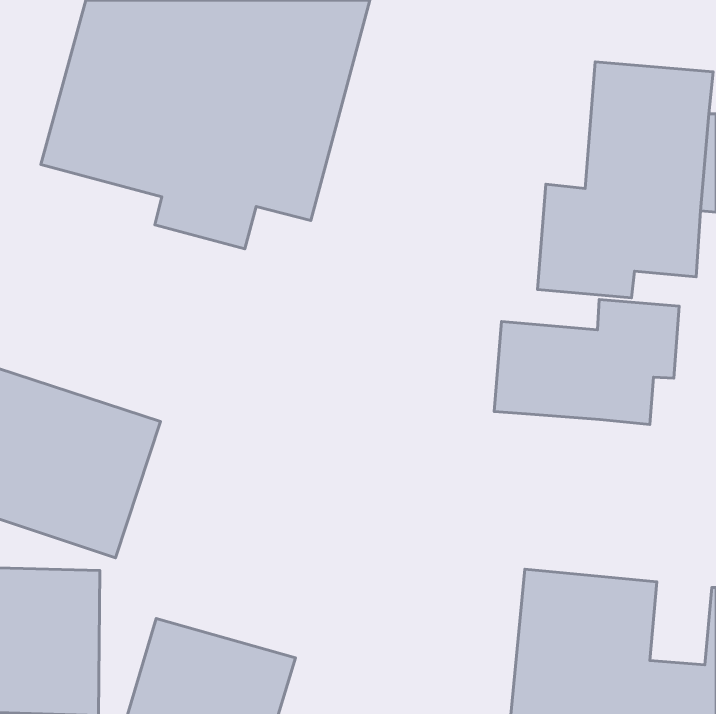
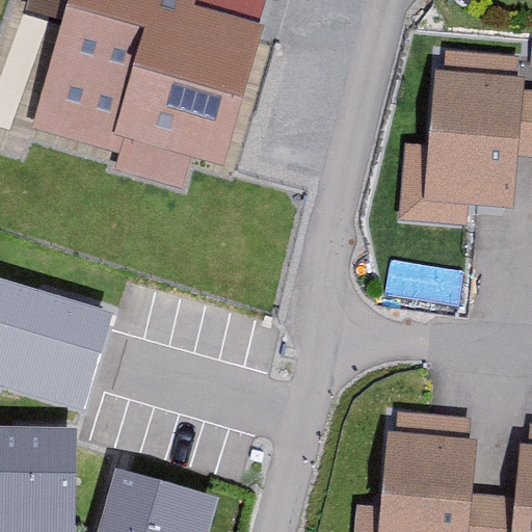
building: [494,300,679,424] -> none

